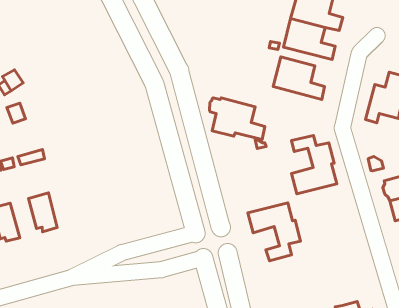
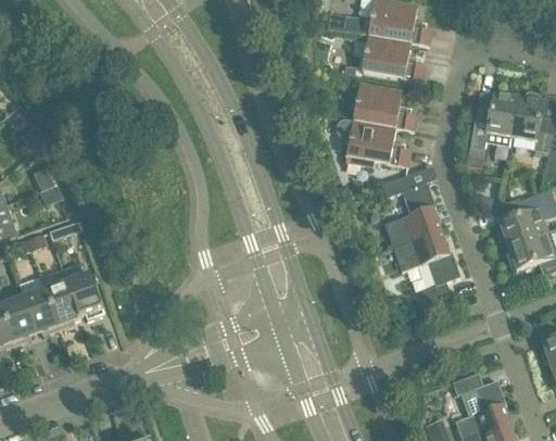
building: [209,98,265,140] -> [340,119,409,166]
building: none -> [45,281,79,330]
building: [248,203,301,261] -> [393,231,460,304]

